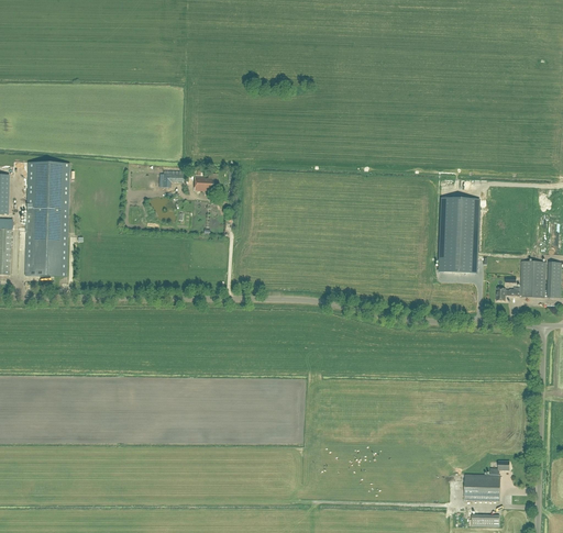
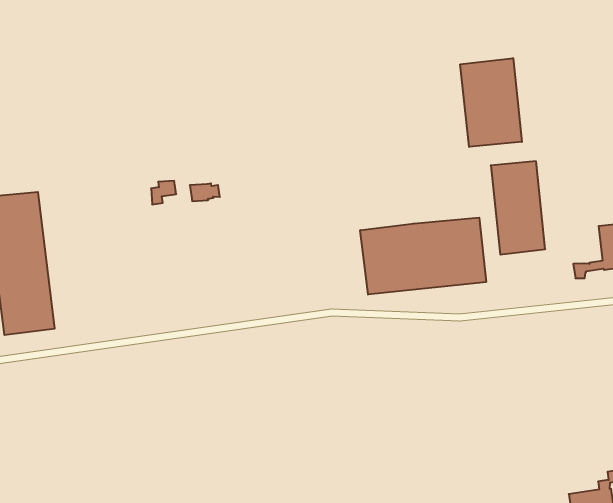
building: none -> [460,58,522,147]
building: none -> [360,218,486,295]

